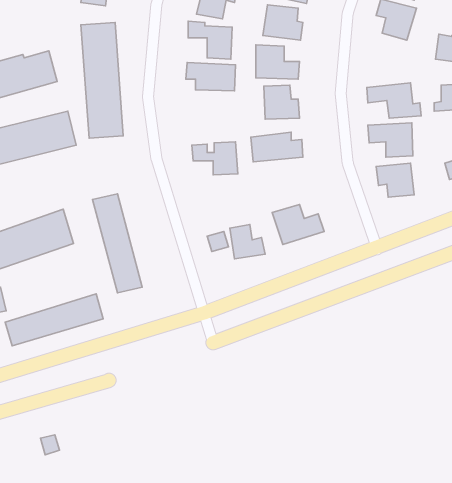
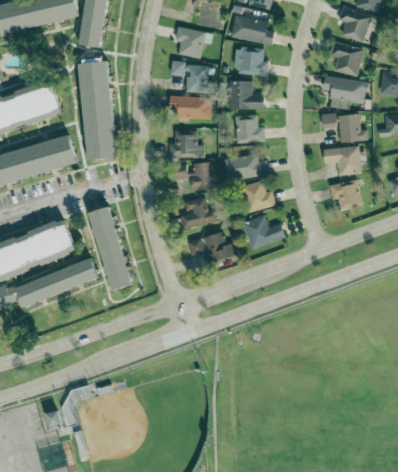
building: none -> [323,76,368,110]
building: none -> [169,131,204,159]
building: none -> [243,182,276,213]
building: none -> [180,197,217,229]
building: [5,294,103,346] -> [16,261,99,305]

